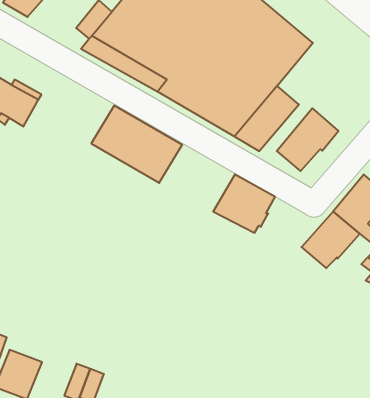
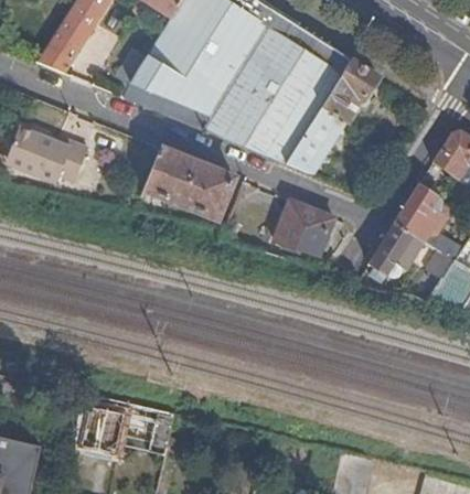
building: [277,108,338,171] -> [320,61,378,125]

